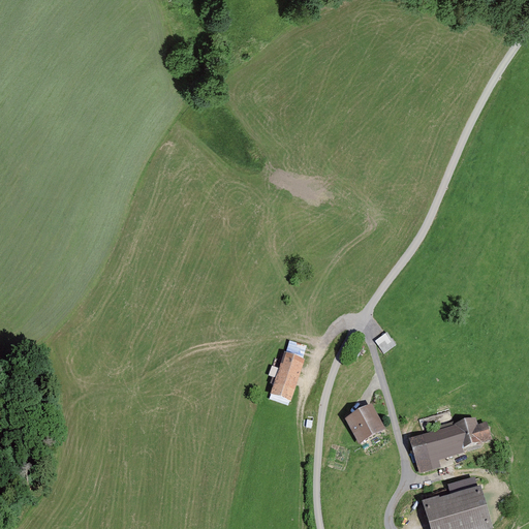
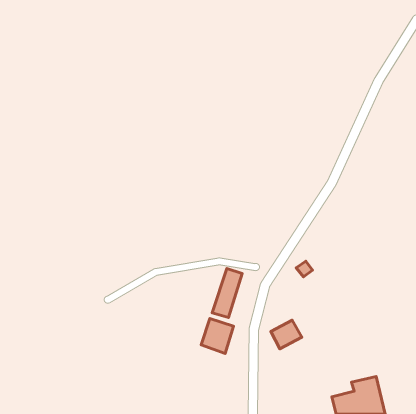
building: none -> [201,319,234,353]
building: [410,418,492,472] -> none

